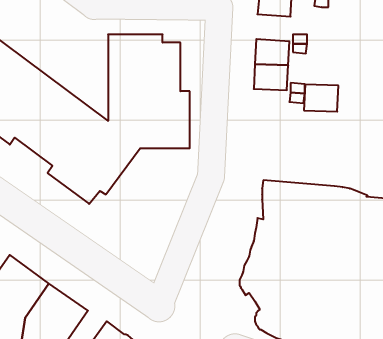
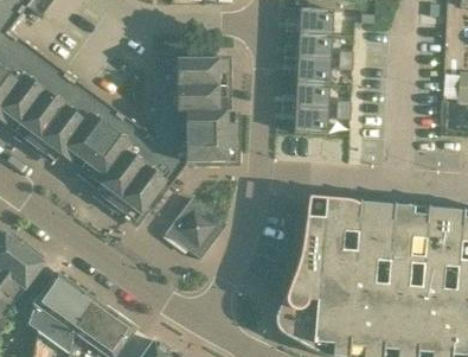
building: none -> [301,31,335,58]
building: [304,84,338,112] -> [297,106,332,133]
building: none -> [164,198,225,259]

